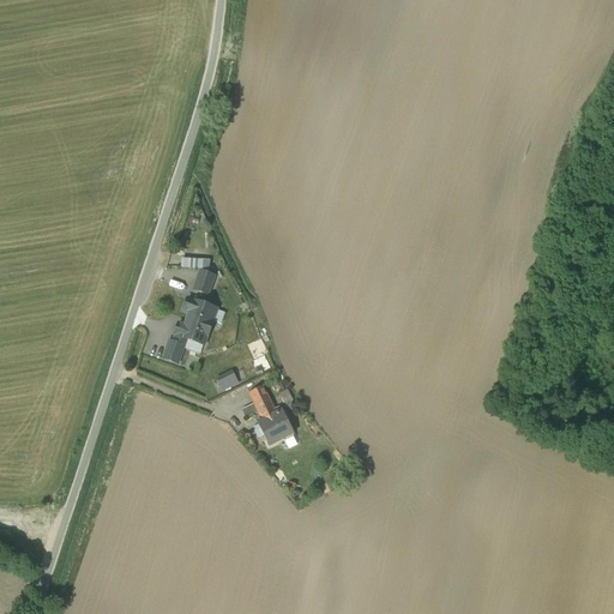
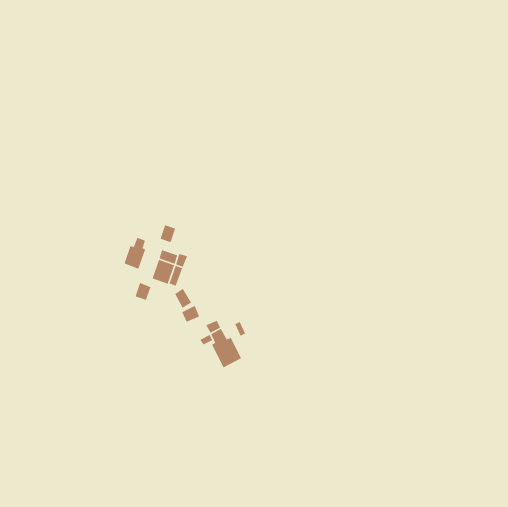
building: none -> [123,237,146,270]

